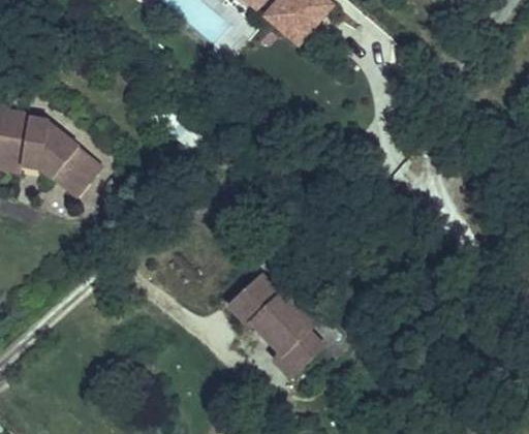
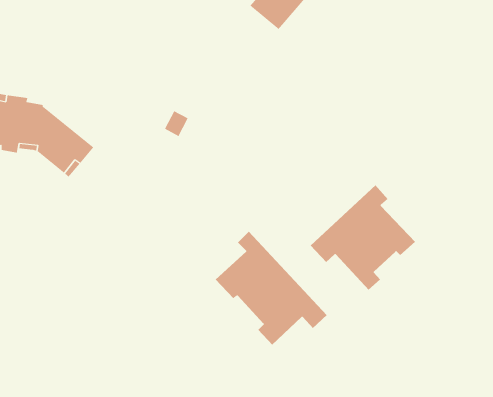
building: none -> [310,185,416,291]

